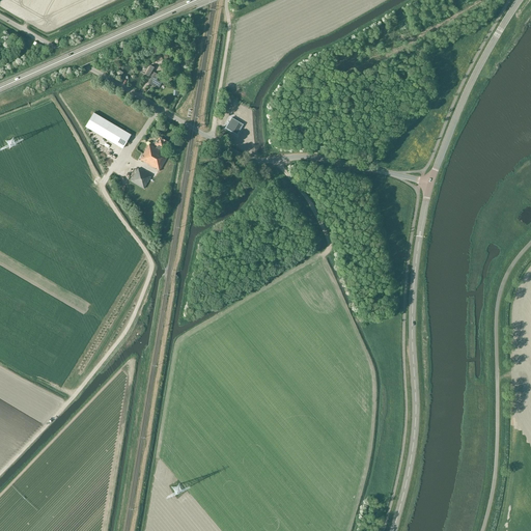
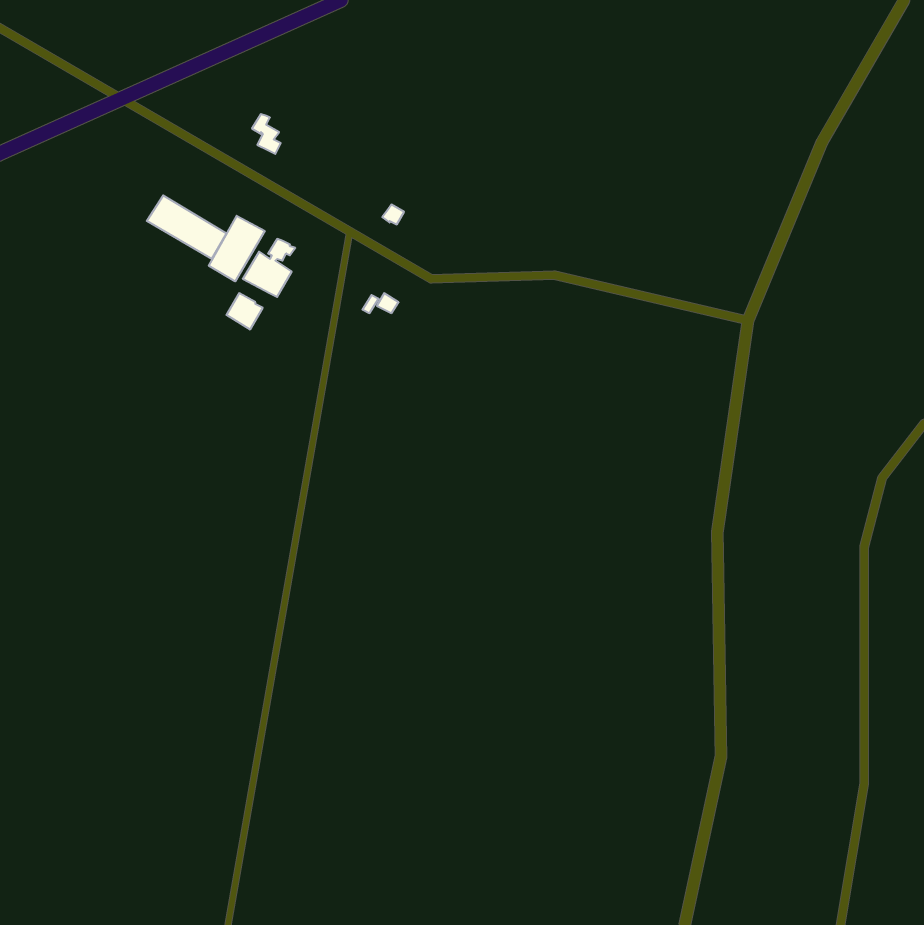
building: none -> [209,216,265,281]

